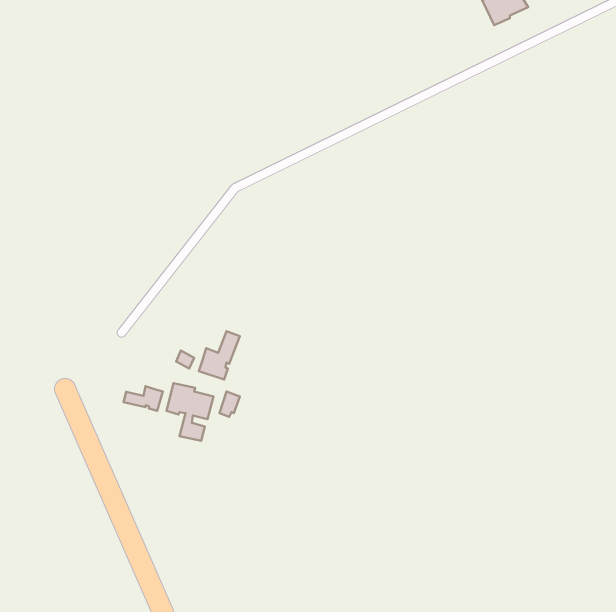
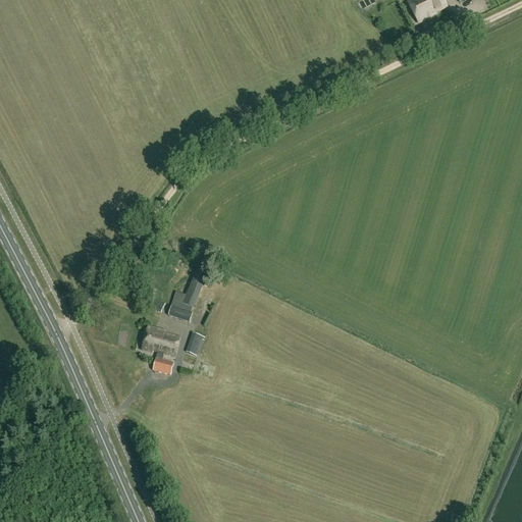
building: [124,386,163,411] -> none

